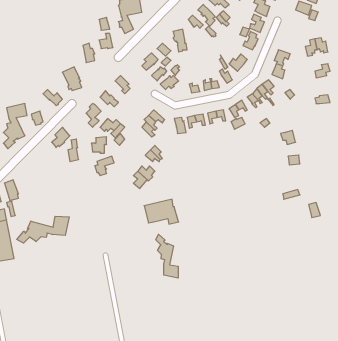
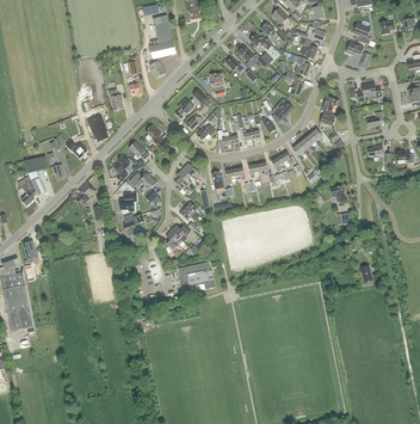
building: [17,216,69,243] -> none
building: [156,234,178,278] -> none

